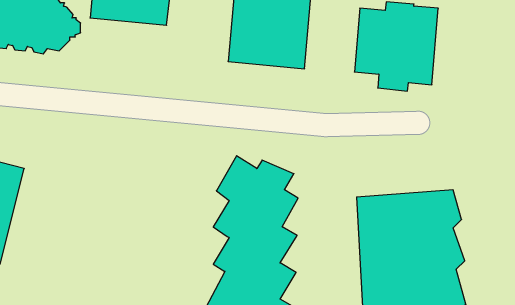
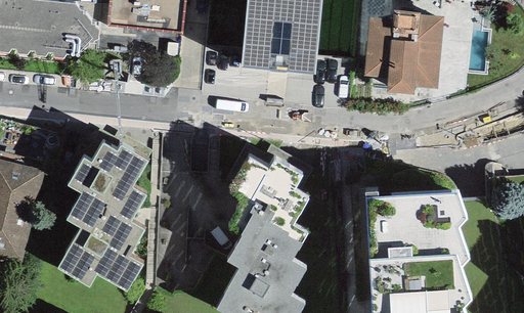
building: none -> [56,143,145,290]

